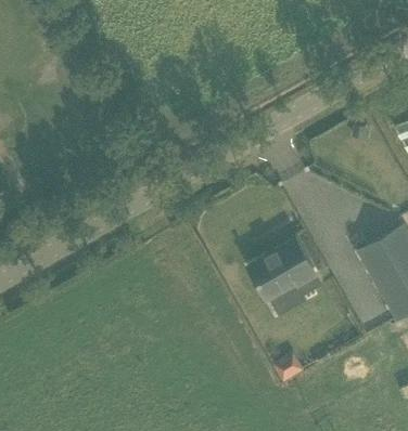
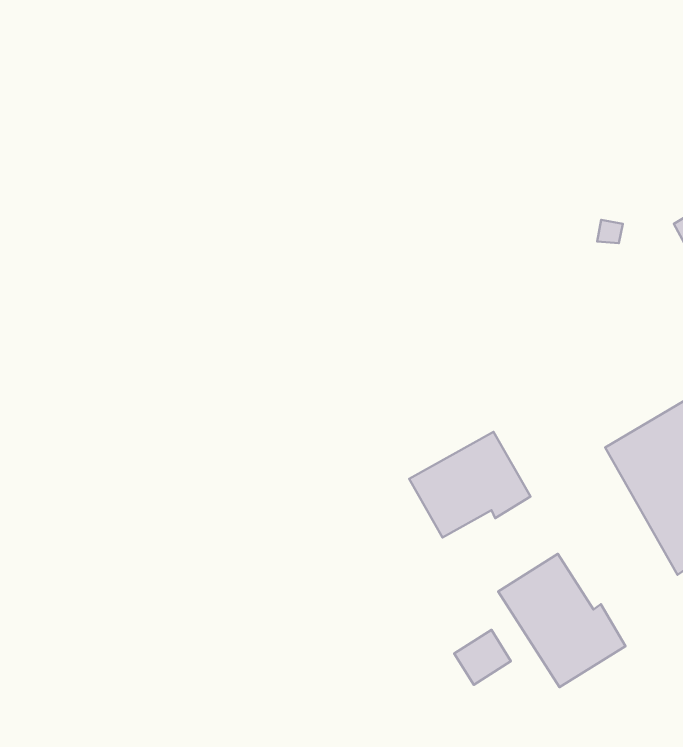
building: none -> [498,554,626,687]

